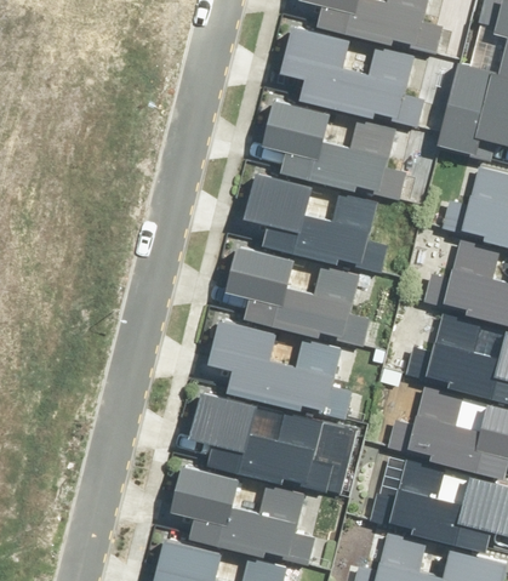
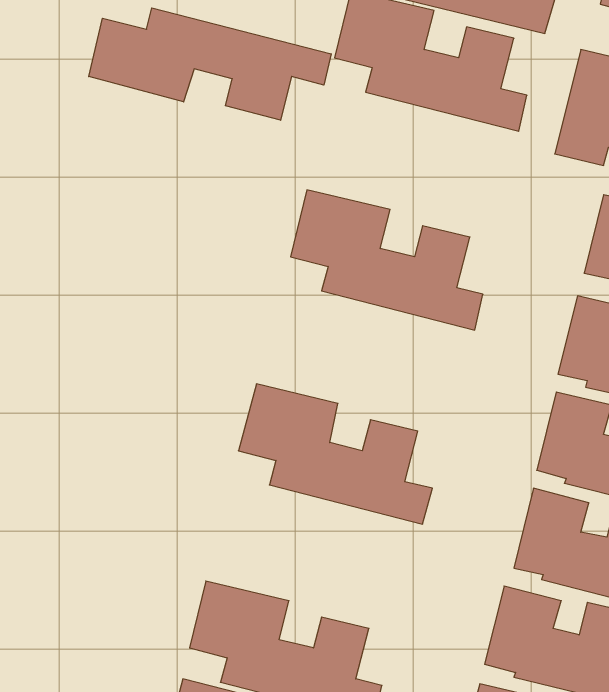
building: none -> [89,8,331,120]
building: [259,98,403,203] -> none
building: [224,244,367,347] -> none
building: [187,388,331,491] -> none

